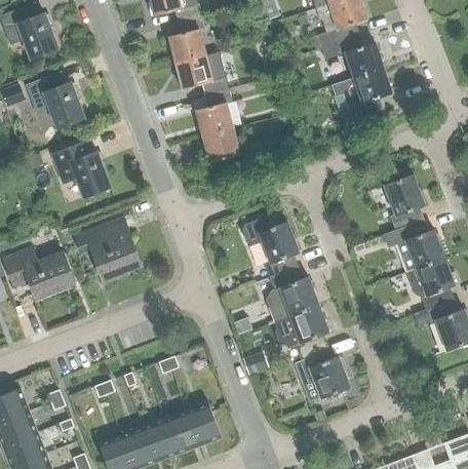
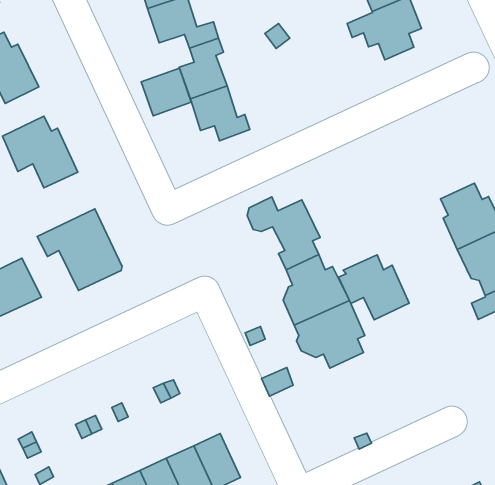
building: none -> [141,68,191,116]
building: [384,173,424,229] -> none
building: [294,346,348,397] -> [338,255,409,320]

